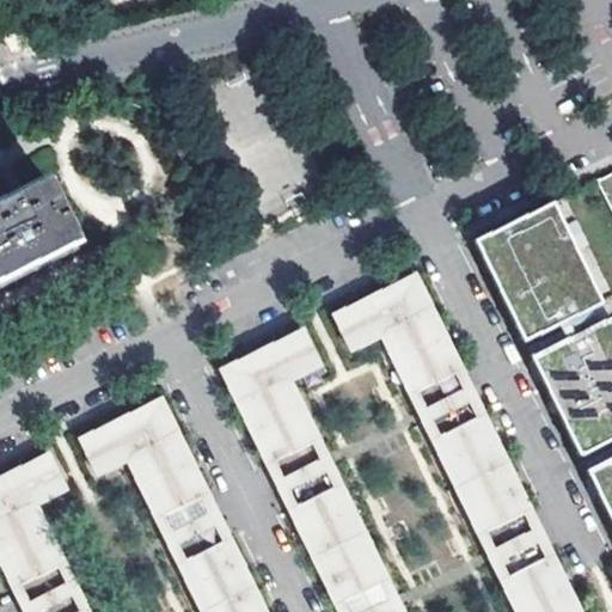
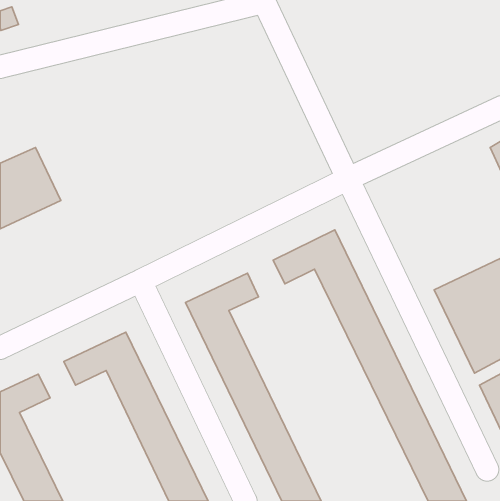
building: [475,200,604,339] -> none

